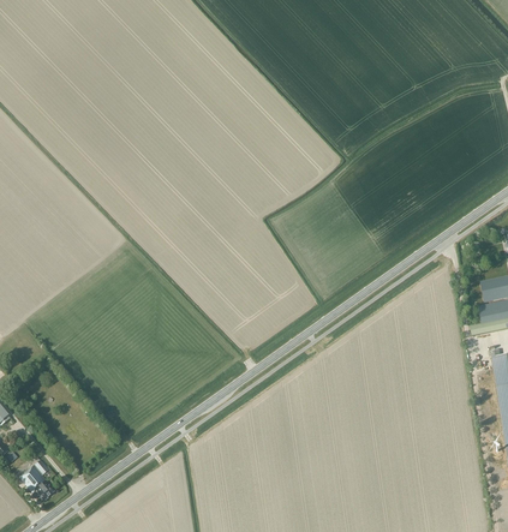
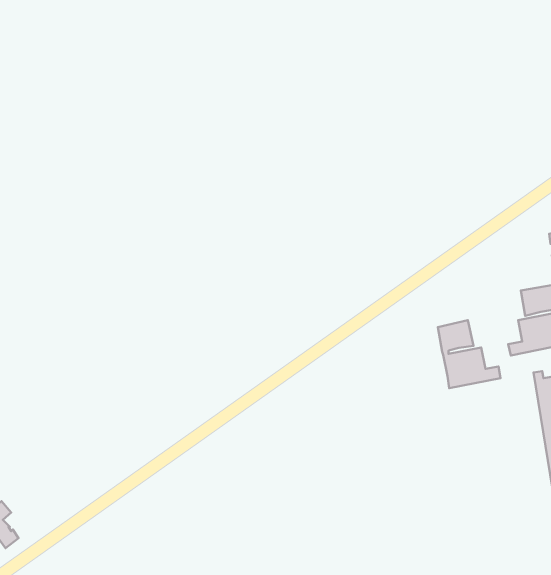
building: none -> [438,320,500,388]

